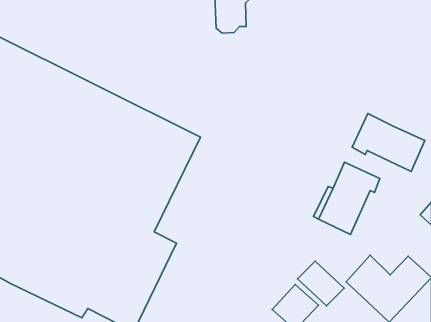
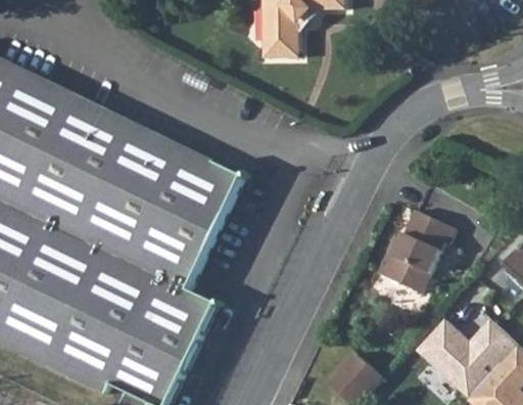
building: [352,114,425,171] -> none
building: [297,261,344,306] -> none

